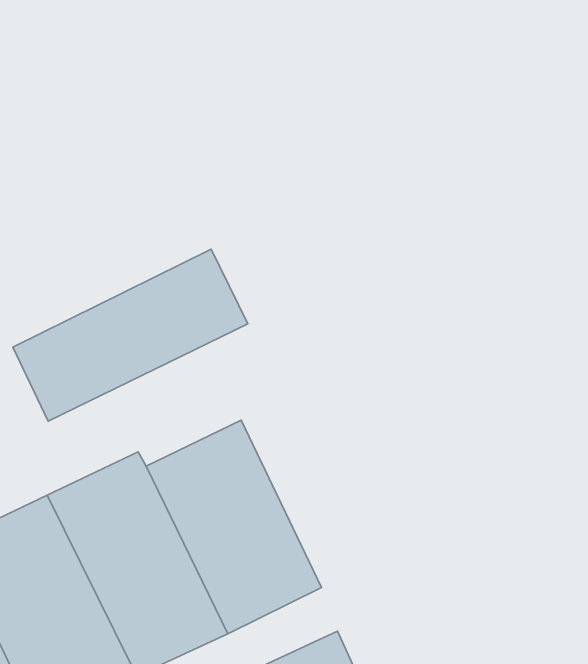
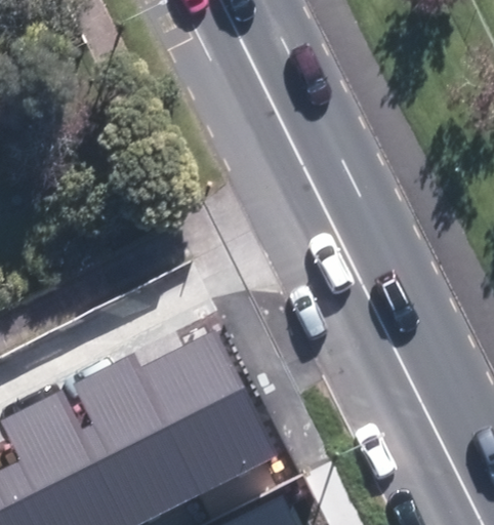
building: [13,249,248,421] -> none

